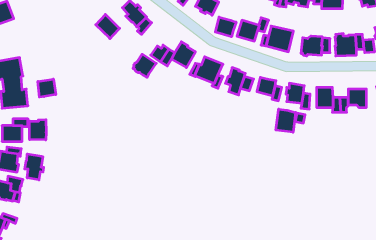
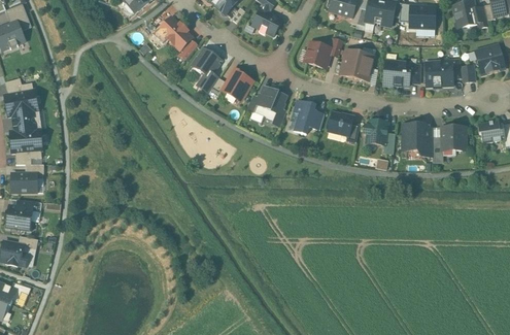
building: [96,14,120,39] -> none
building: [215,17,236,37] -> none
building: [133,54,156,77] -> [193,47,222,76]
building: [38,79,56,97] -> none
building: [276,109,296,132] -> none
building: [30,120,46,140] -> none
building: [25,154,44,180] -> none

